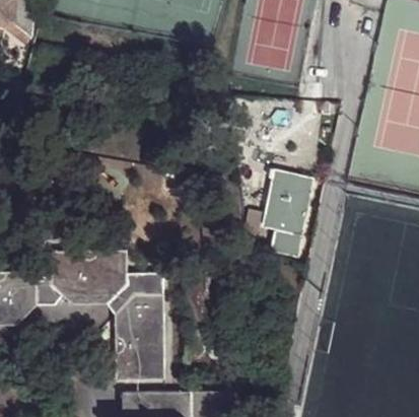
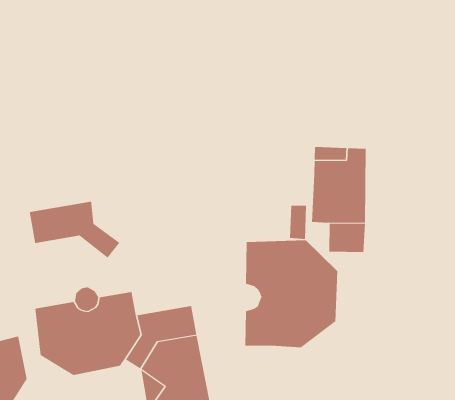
building: none -> [29,201,120,258]
building: none -> [245,239,338,348]

